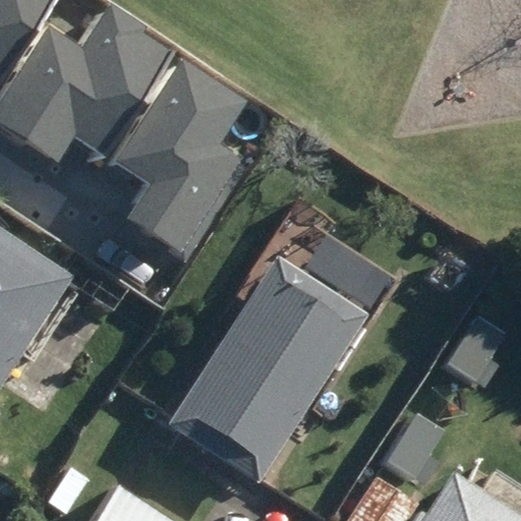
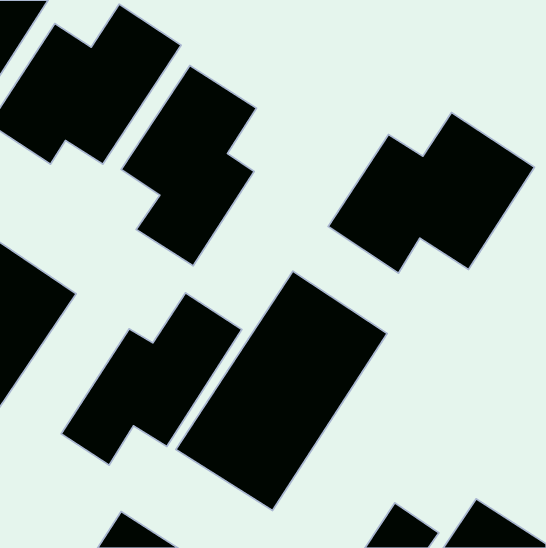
building: none -> [328,113,534,273]
building: none -> [61,293,242,465]

